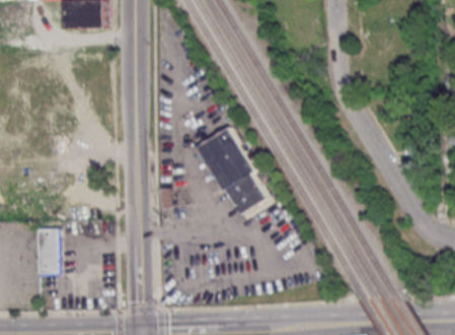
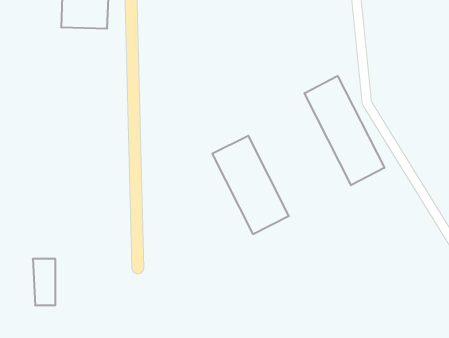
building: none -> [304,76,384,185]

